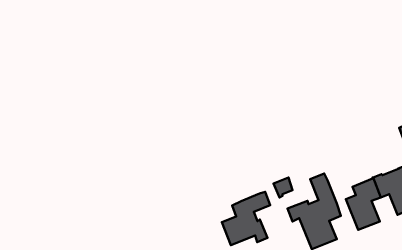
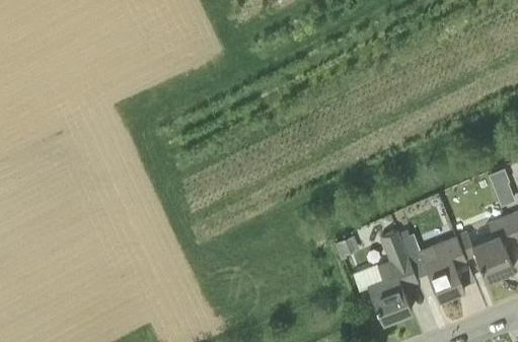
building: [222,192,270,245] -> none

